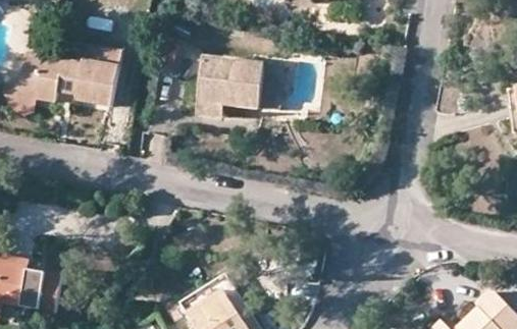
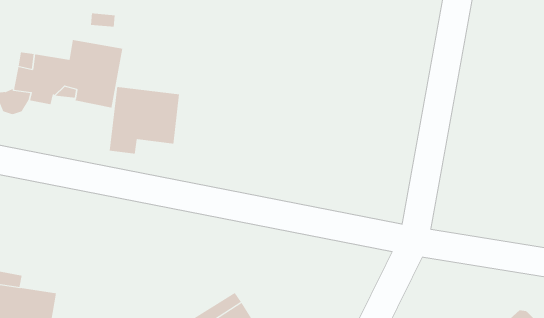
building: [197,56,262,118] -> [109,86,180,154]

